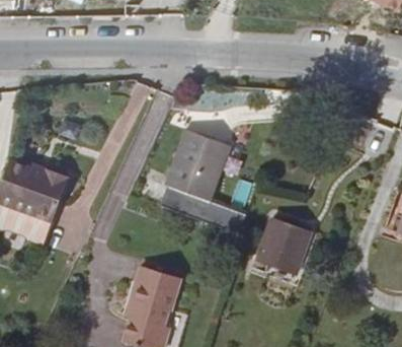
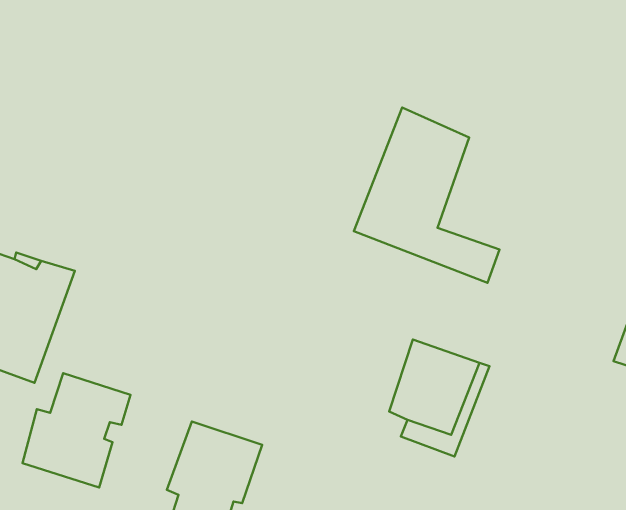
building: [158,129,246,235] -> [354,107,499,283]
building: none -> [22,373,130,488]

